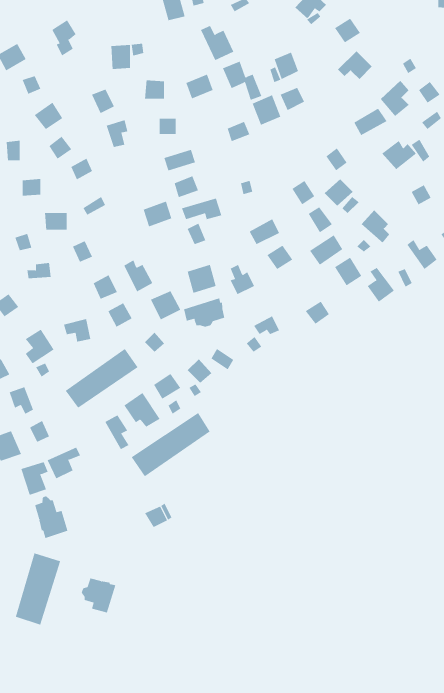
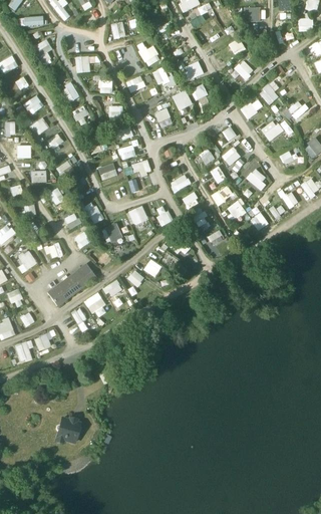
building: [183,298,225,328] -> none
building: [131,412,210,477] -> none
building: [35,495,68,539] -> none
building: [15,553,61,626] -> none

